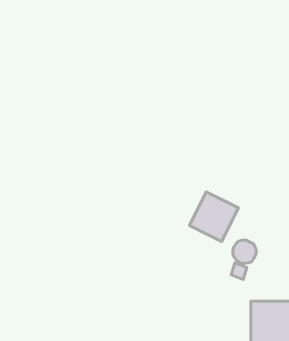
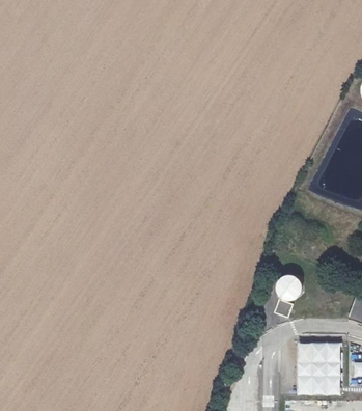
building: [189,192,238,242] -> none

